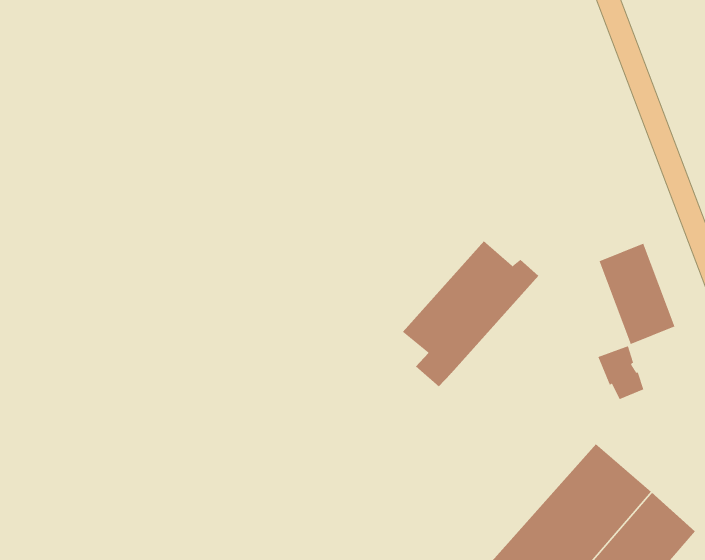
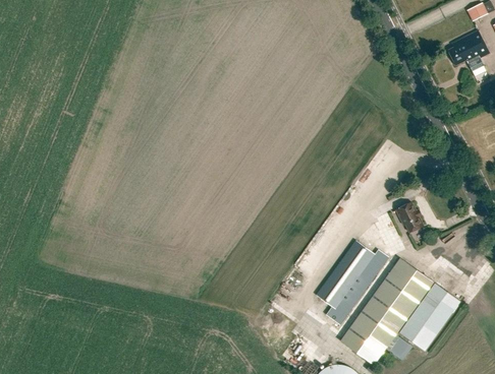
building: [402,240,539,387] -> [317,241,389,324]
building: [599,243,675,345] -> none

